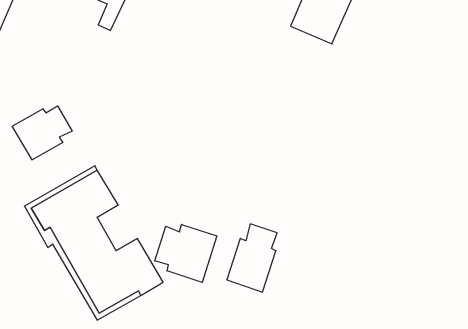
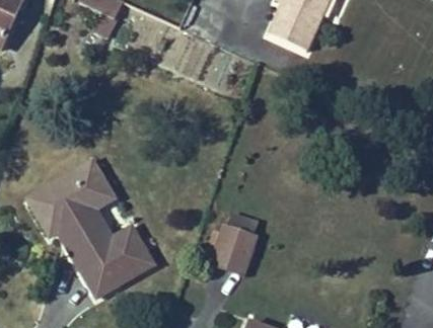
building: [12,106,72,160] -> none
building: [155,224,217,282] -> none

